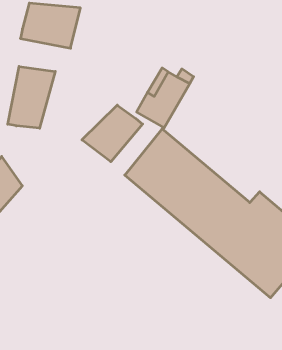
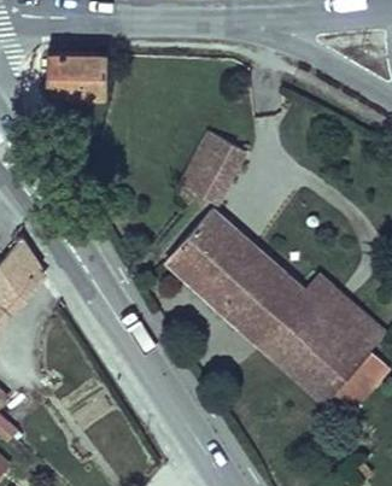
building: [8,66,55,128] -> none
building: [82,105,143,162] -> none

